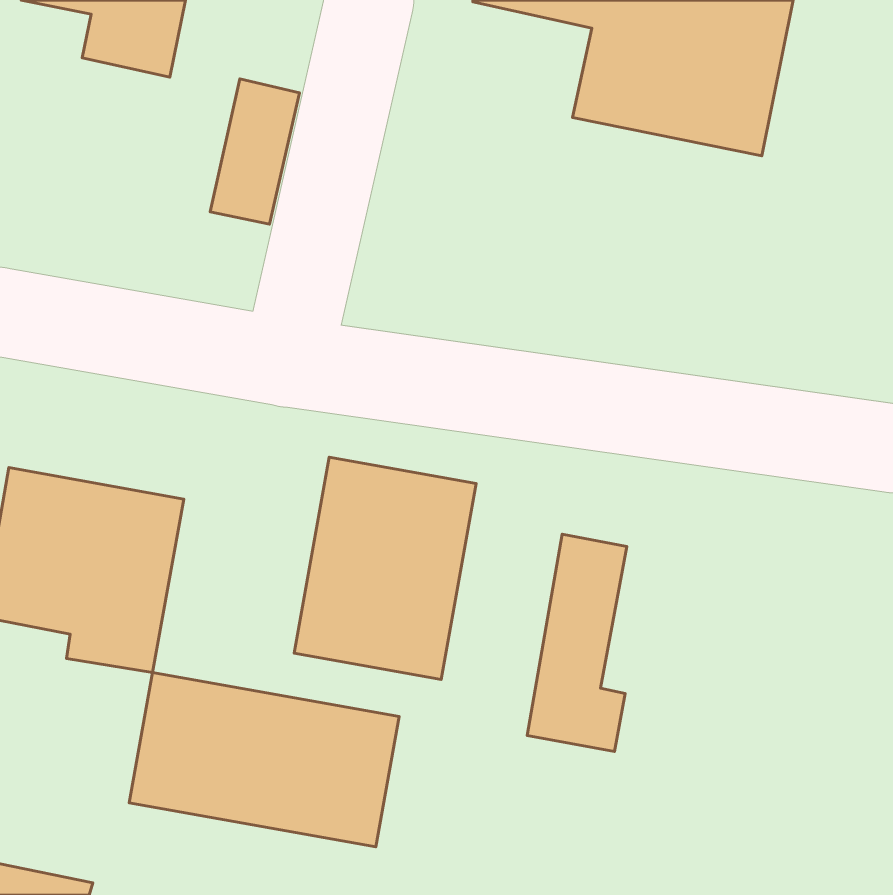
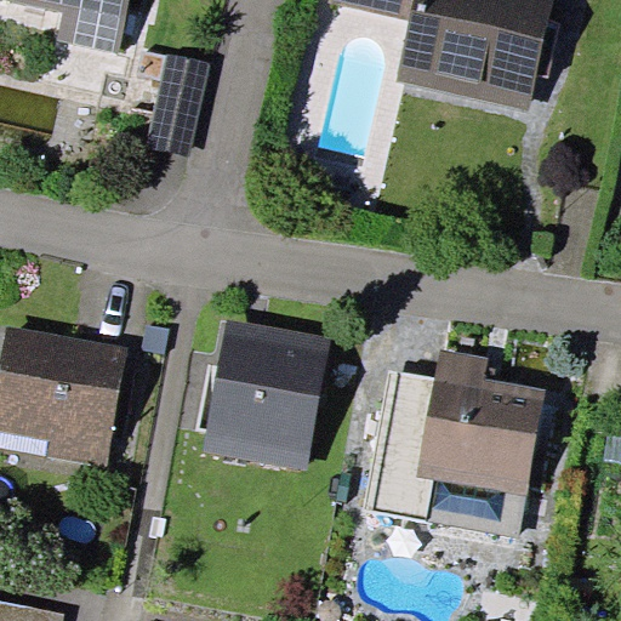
building: none -> [416,349,545,539]
building: [129,673,399,847] -> none

